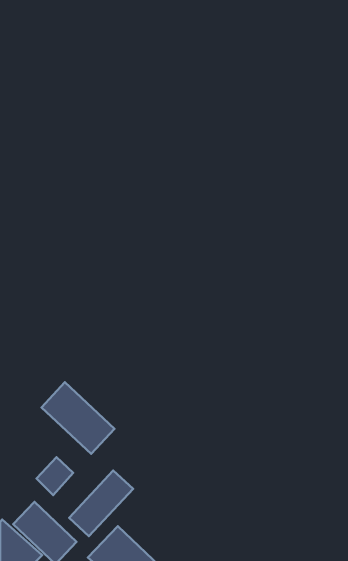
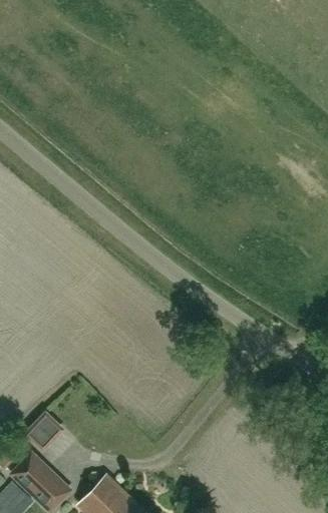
building: [42,382,115,454] -> none
building: [69,470,133,536] -> none

